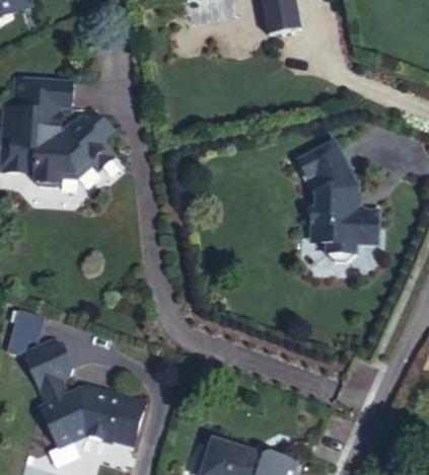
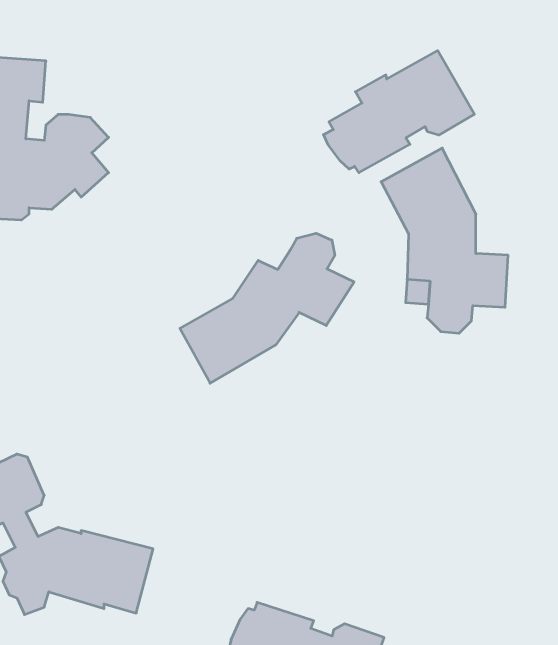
building: none -> [323,51,474,173]
building: none -> [180,233,354,383]

